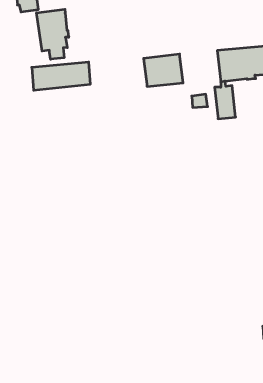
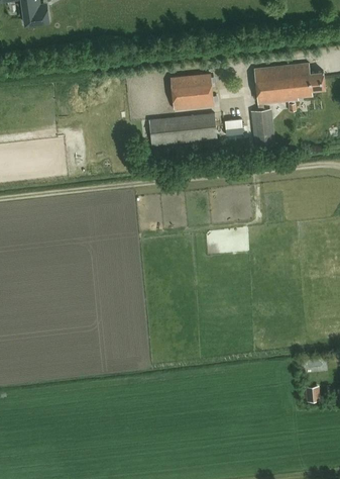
building: [37,9,69,59] -> none
building: [32,62,90,90] -> [148,113,216,146]

